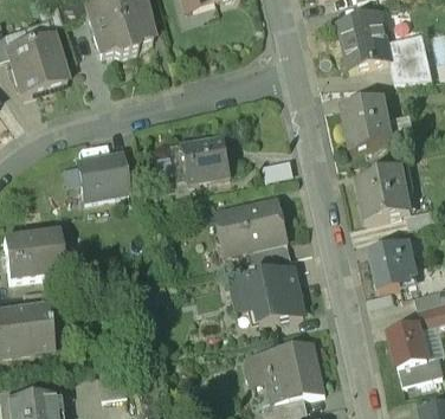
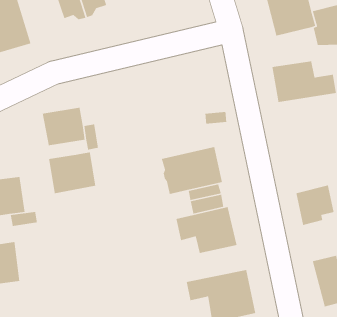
building: [170,136,228,182] -> none
building: [354,168,409,220] -> none
building: none -> [48,151,96,194]

